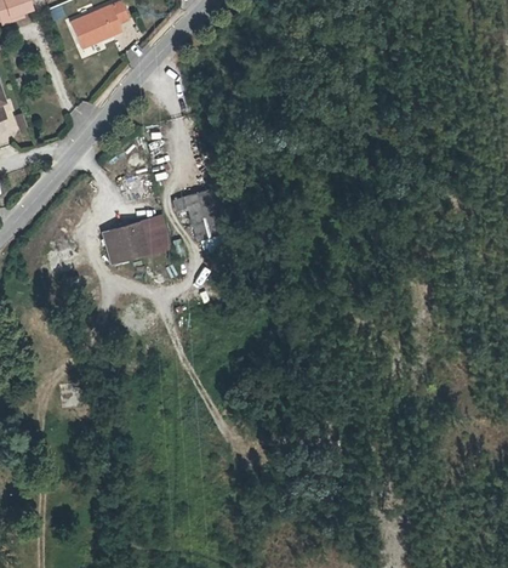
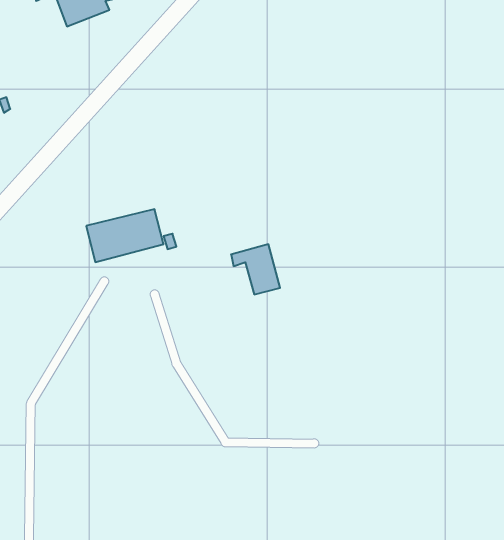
building: [173,193,219,240] -> [231,244,280,294]

